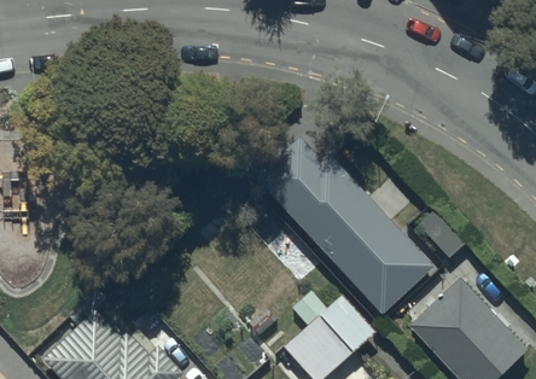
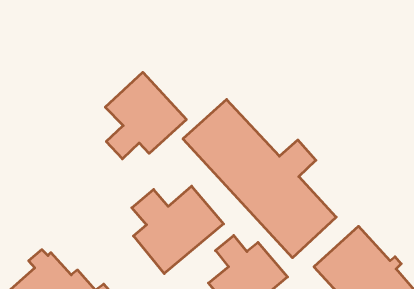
building: none -> [105,72,186,159]
building: none -> [132,186,224,274]

